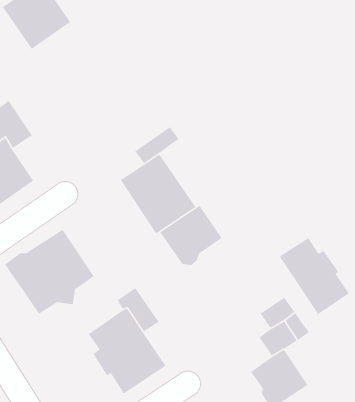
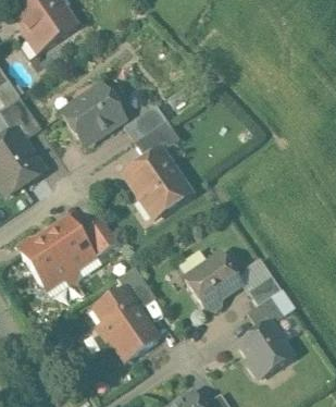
building: none -> [62,85,123,144]
building: none -> [124,103,166,141]
building: [159,205,222,266] -> [184,252,241,308]
building: none -> [84,218,119,254]
building: [279,237,350,315] -> none

